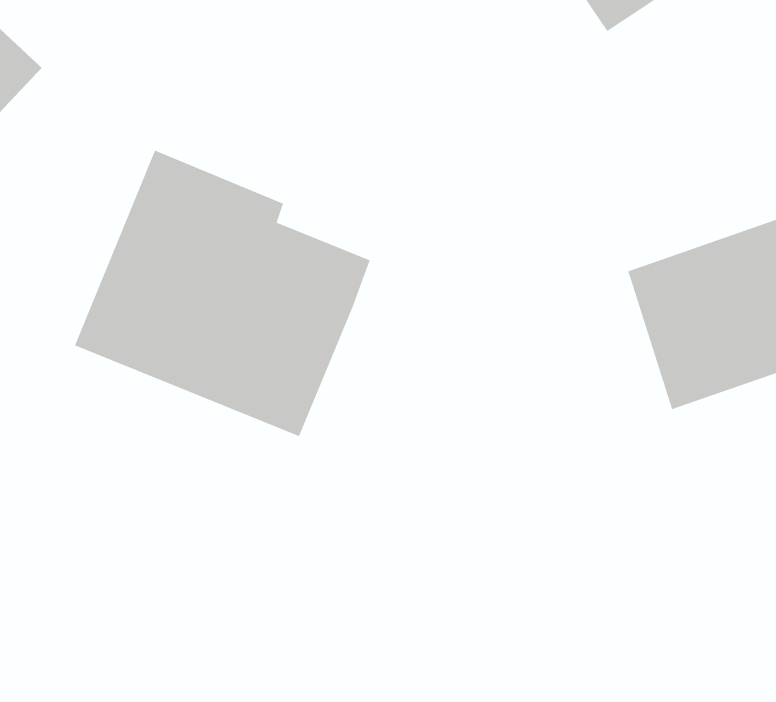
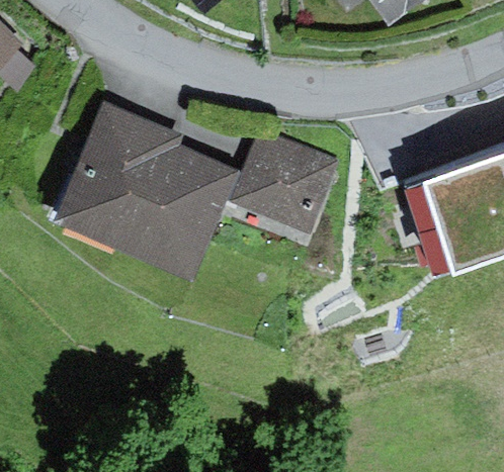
building: none -> [229,128,340,234]

